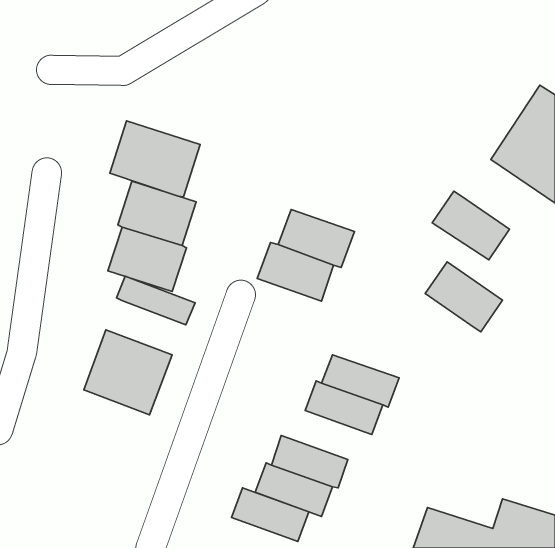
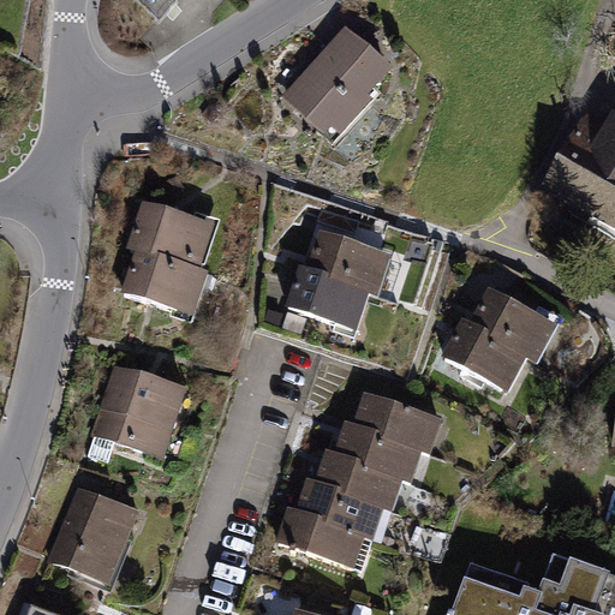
building: none -> [282,26,393,137]
building: [110,121,200,197] -> none
building: [432,191,510,260] -> [437,318,523,394]
building: [117,276,195,325] -> none
building: none -> [47,490,141,591]
building: [231,488,309,541] -> [317,449,402,508]

